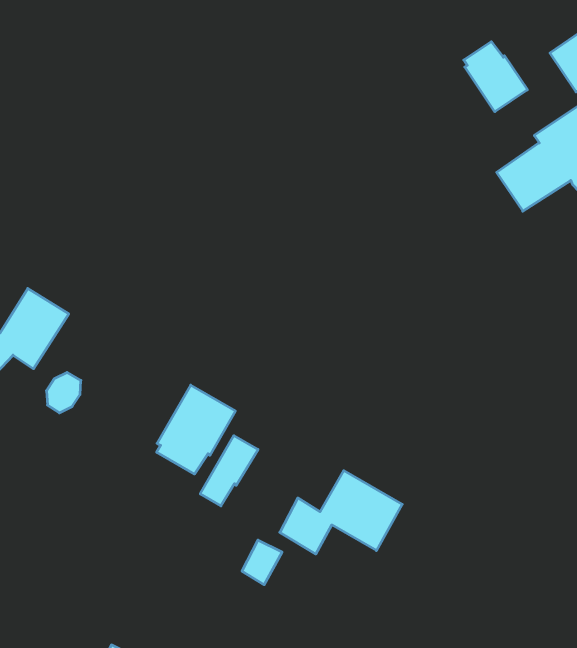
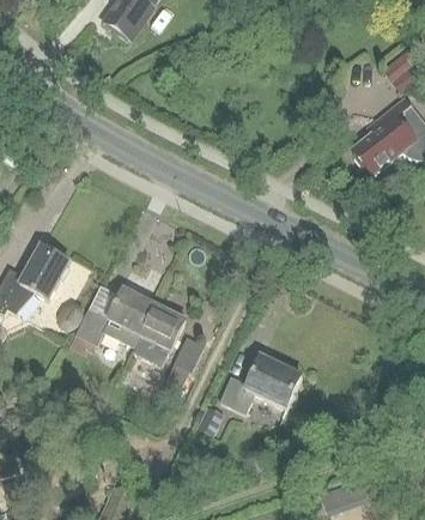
building: [464,42,527,112] -> none
building: none -> [74,288,153,344]

